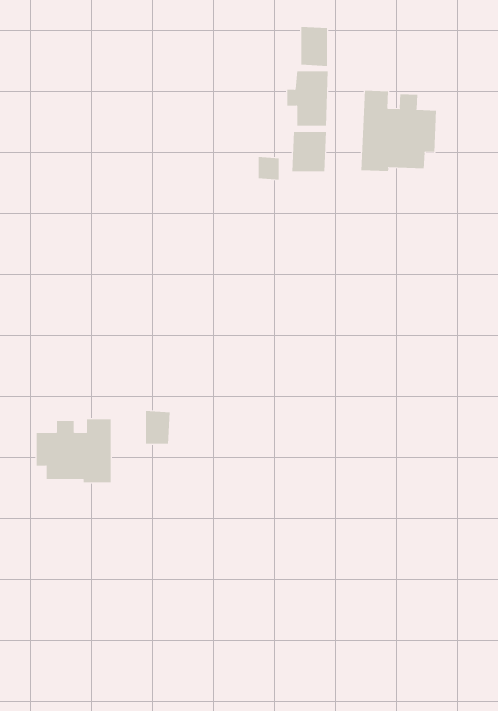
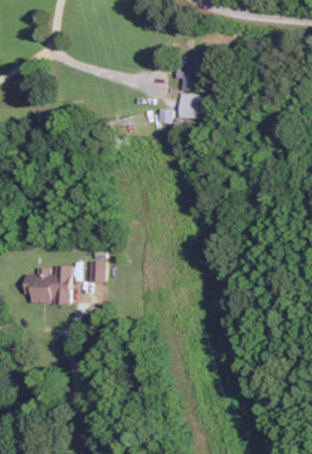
building: [301,26,328,67] -> none
building: [361,90,437,172] -> none

